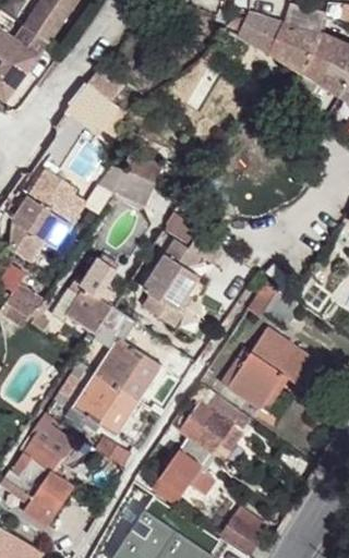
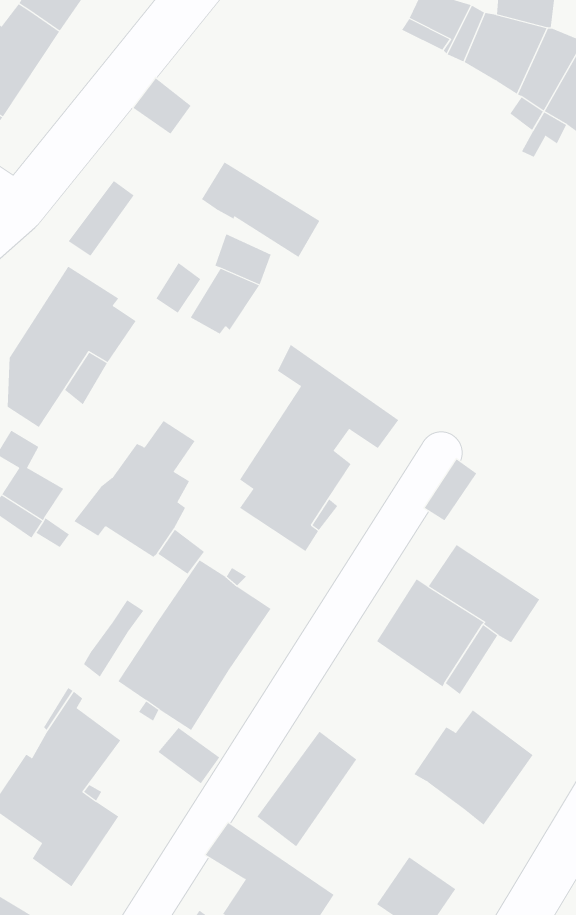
building: none -> [201,162,320,258]
building: [181,395,250,461] -> [414,709,533,826]

